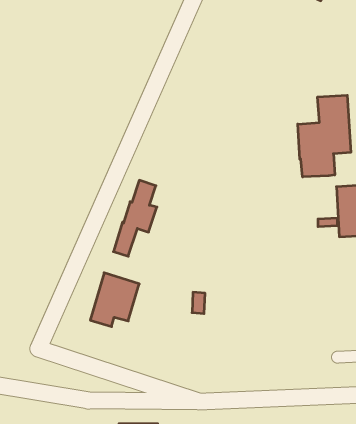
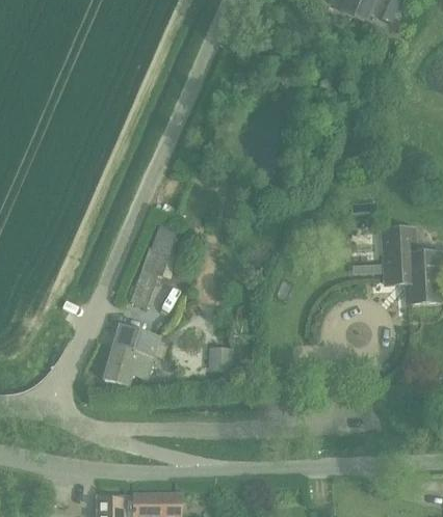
building: [298,95,351,177] -> none

